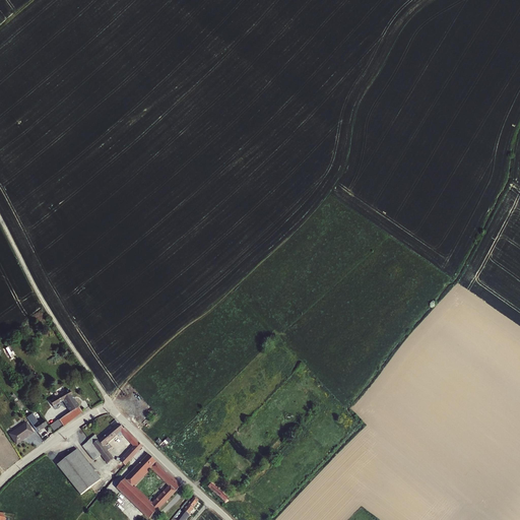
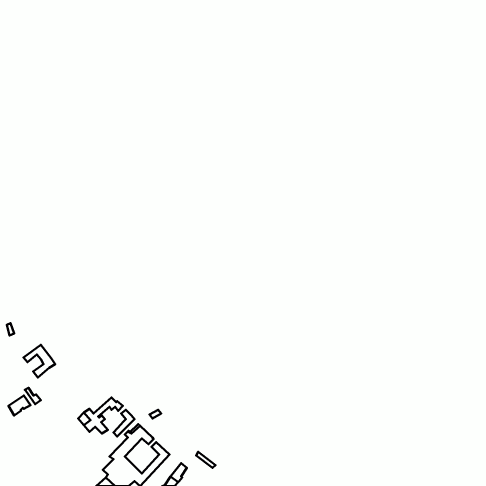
building: [49,391,82,426] -> [24,345,55,377]
building: [59,450,104,496] -> none

